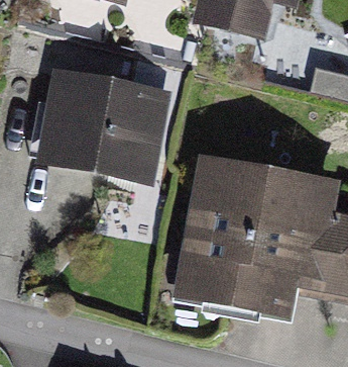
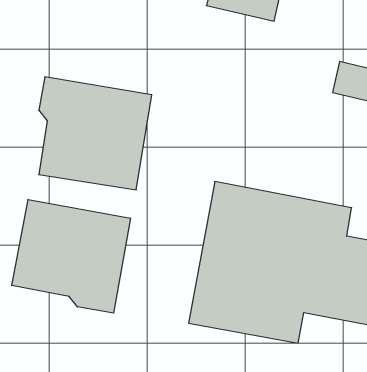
building: none -> [12,199,131,313]

